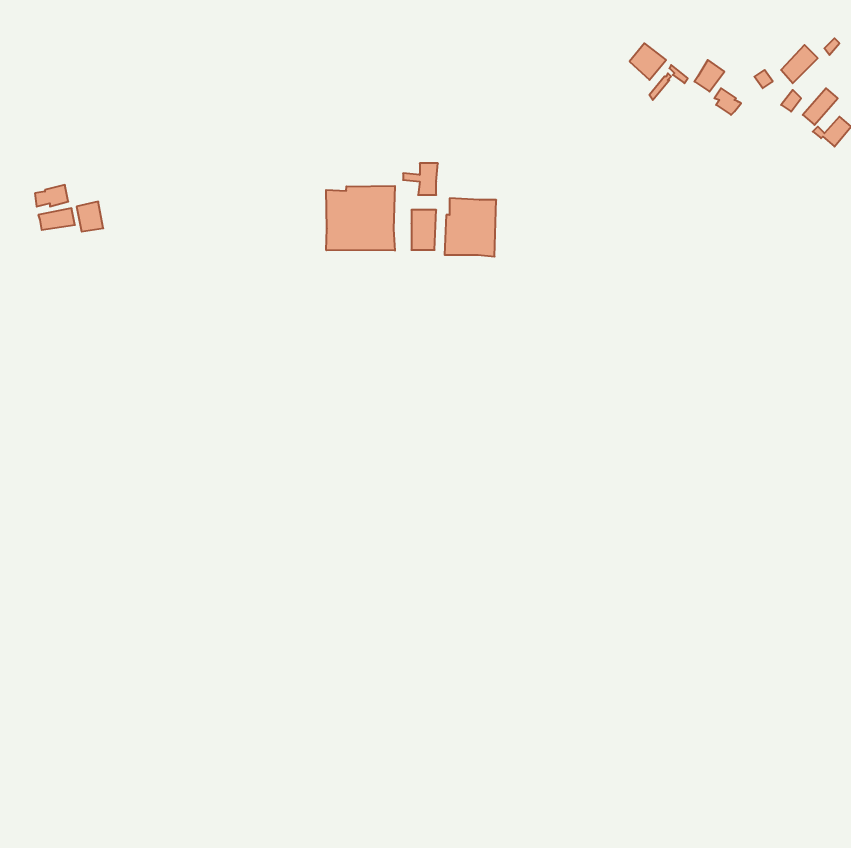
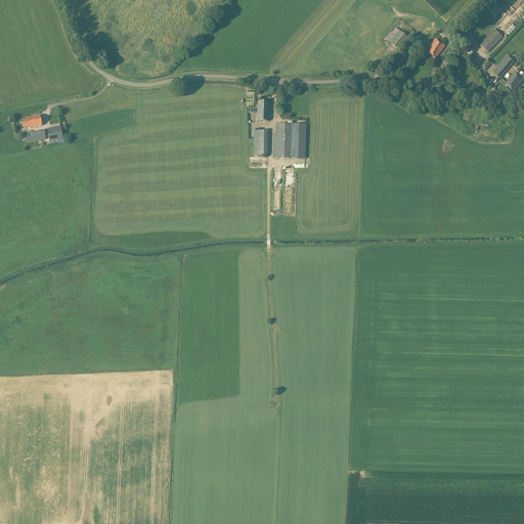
building: [326,186,395,251] -> none

